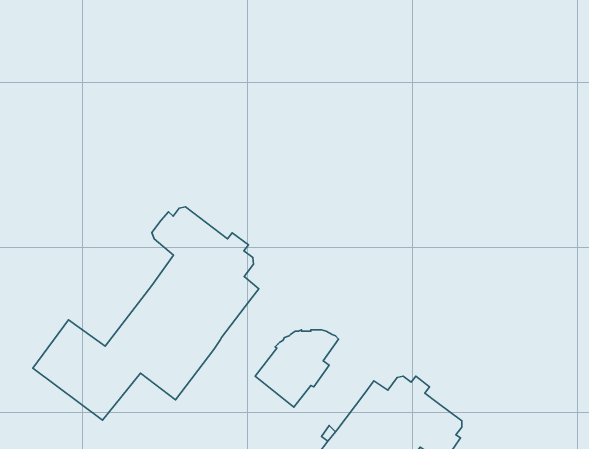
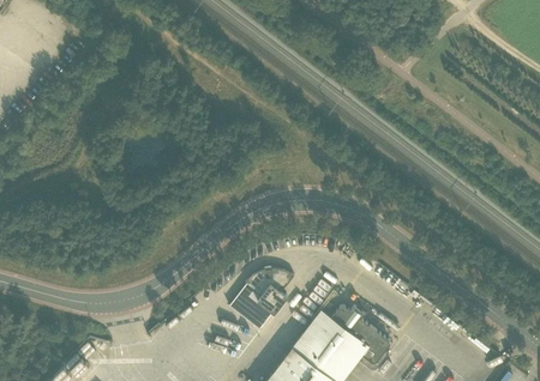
building: [33,207,259,420] -> none

